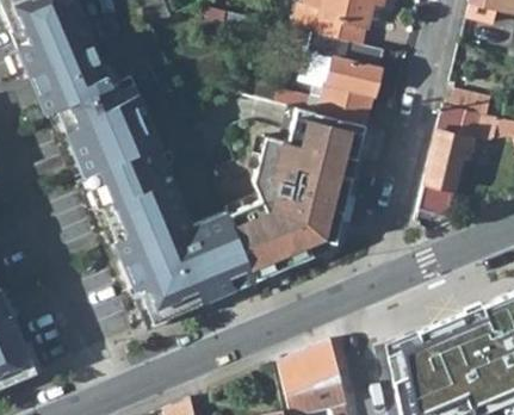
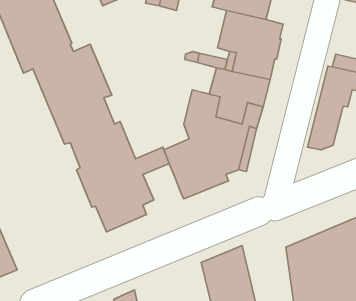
building: [202,233,253,299] -> none

